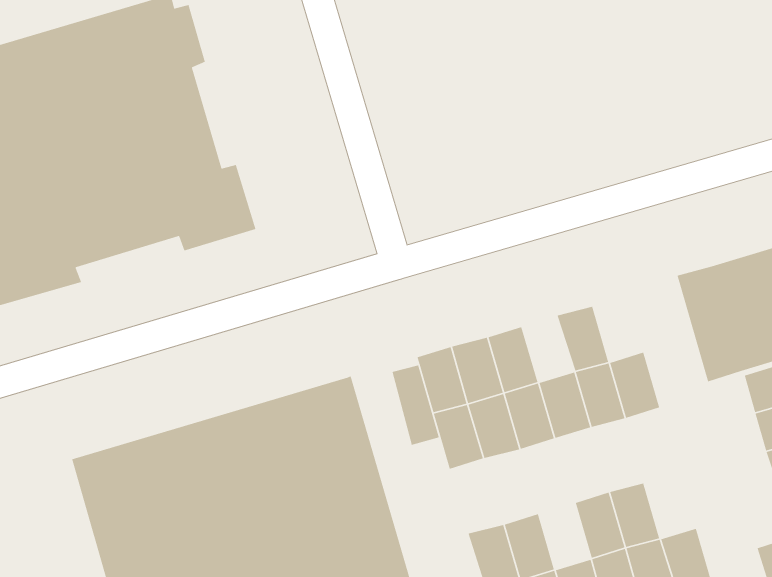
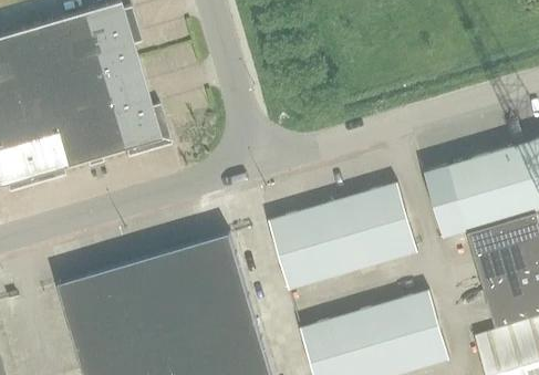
building: none -> [375,184,406,225]
building: none -> [332,196,364,237]
building: [391,365,440,446] -> none
building: none -> [406,291,438,332]
building: none -> [342,310,374,351]

